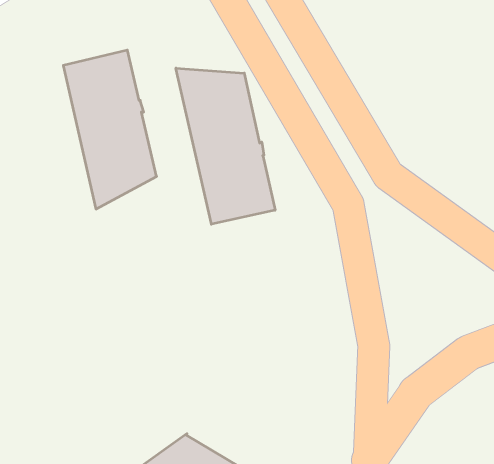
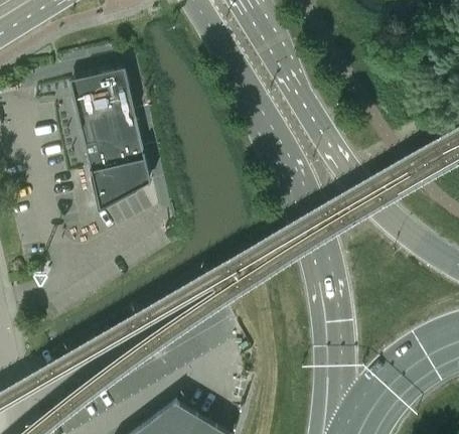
building: [176,68,275,224] -> none

